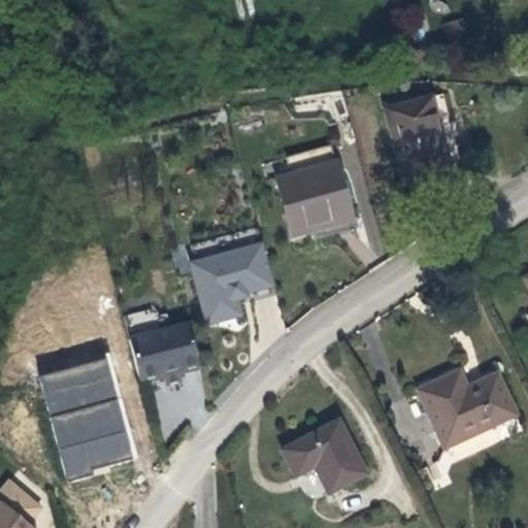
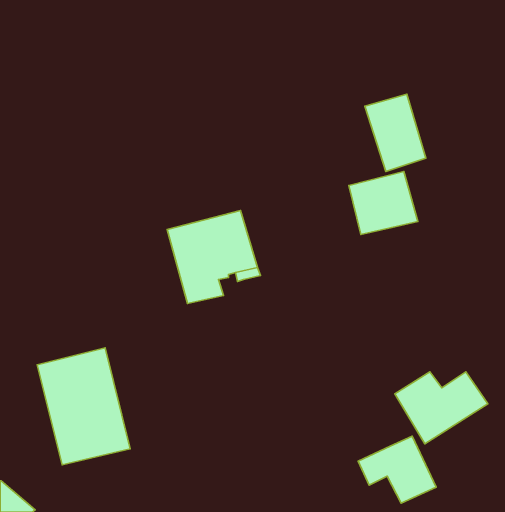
building: [279,163,351,228] -> [349,171,418,235]
building: [122,312,193,374] -> none
building: [287,422,367,491] -> [358,436,436,503]

